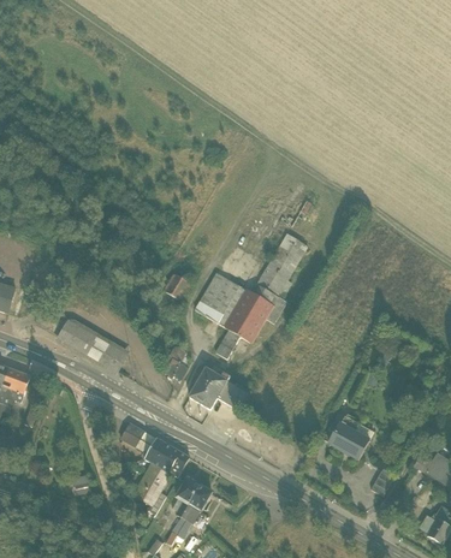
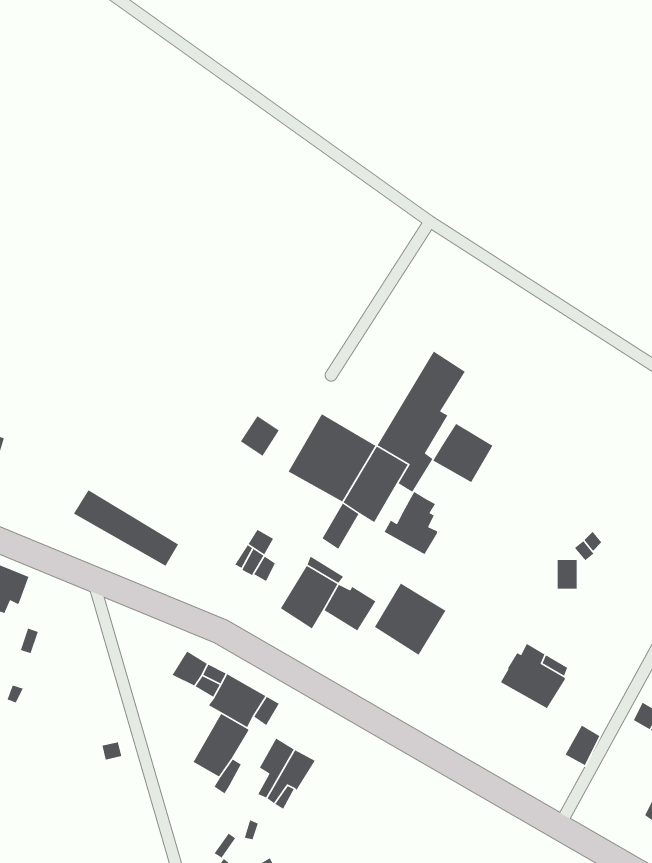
building: none -> [432,423,494,483]
building: none -> [383,491,438,555]
building: none -> [374,582,447,656]

